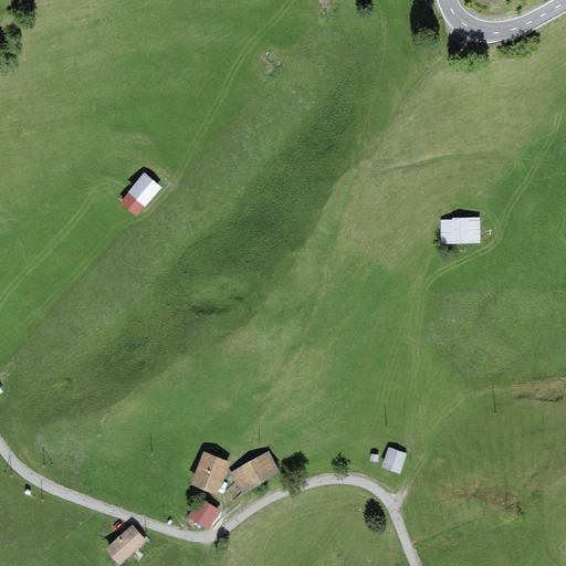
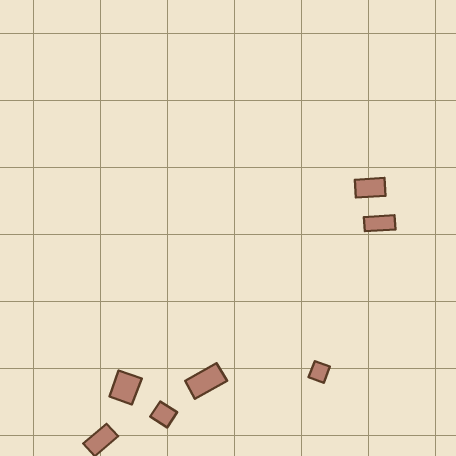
building: [128,174,160,206] -> none
building: none -> [364,215,396,231]
building: [190,451,230,493] -> [110,370,142,404]

